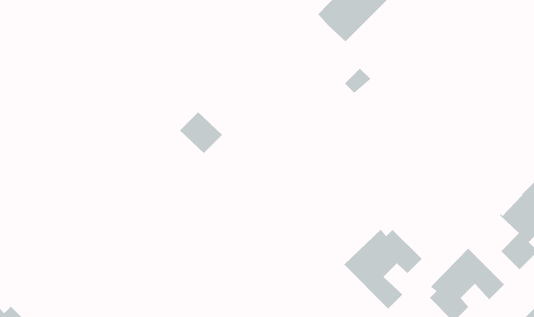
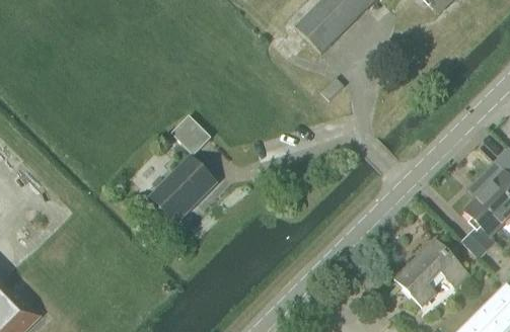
building: none -> [148,159,213,224]
building: [344,229,422,309] -> none

